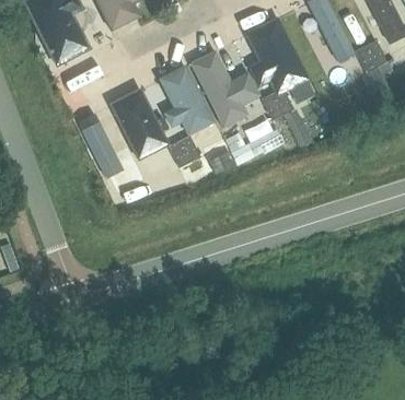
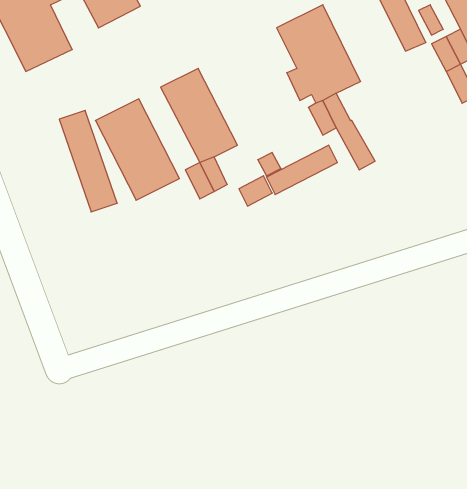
building: [184,51,257,133] -> none

